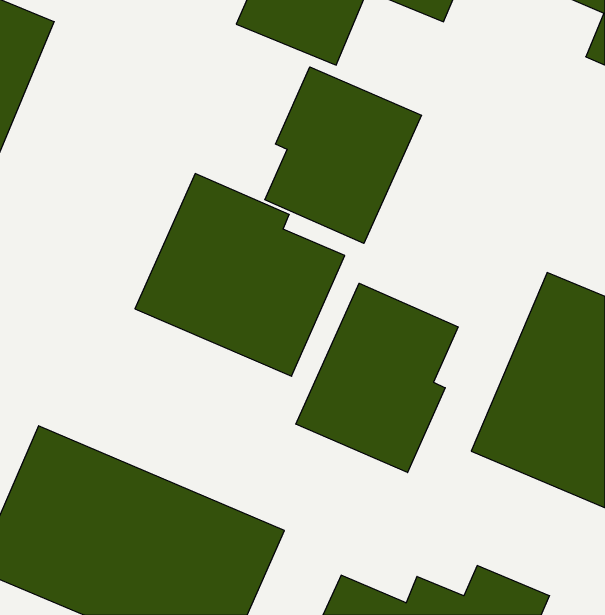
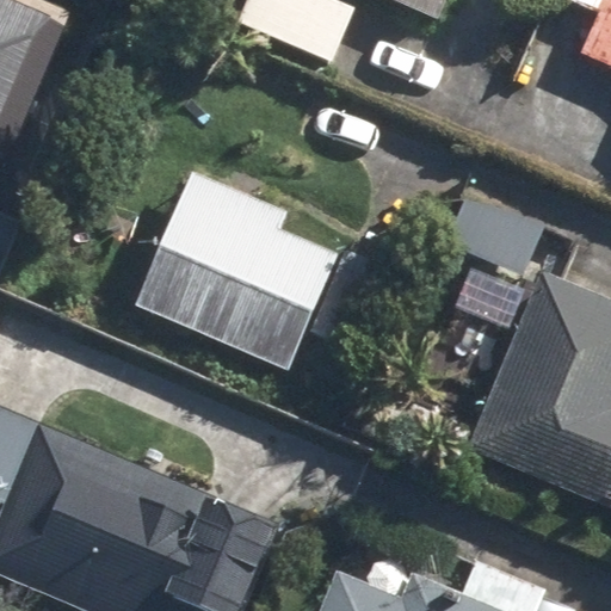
building: [265,67,421,243] -> none
building: [296,283,458,473] -> none

